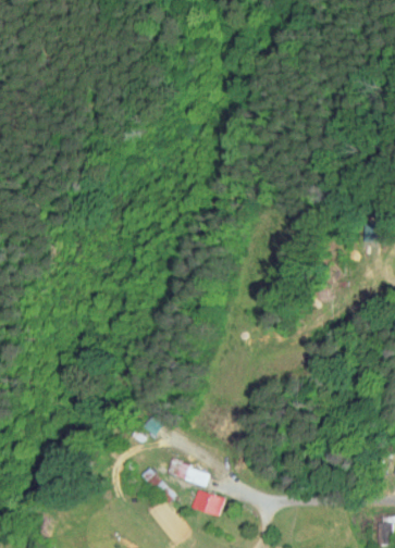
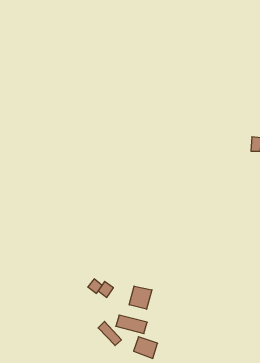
building: none -> [129,286,152,309]

